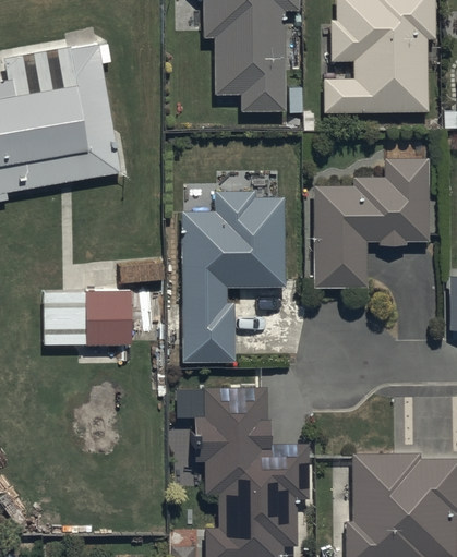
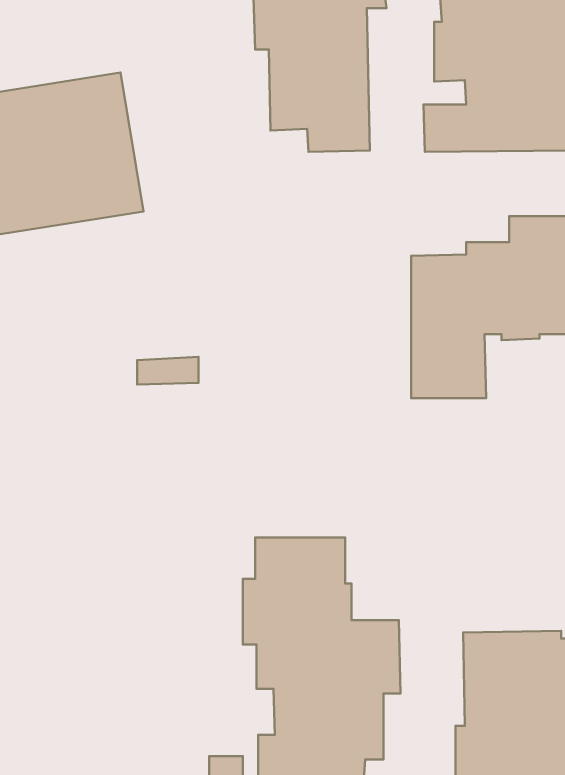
building: [182,192,286,363] -> none
building: [37,287,132,343] -> none

